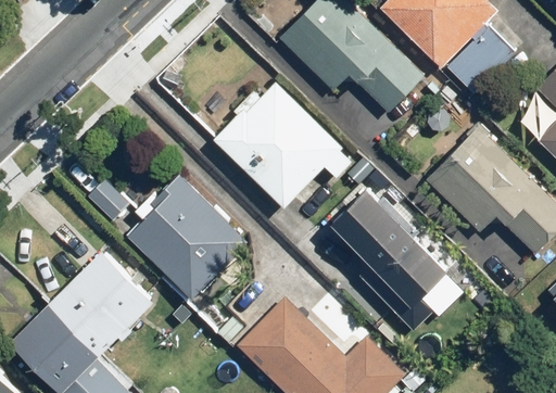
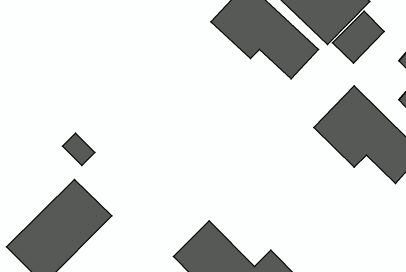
building: [210,80,349,207] -> none
building: [125,181,245,305] -> none
building: [333,183,451,327] -> none

